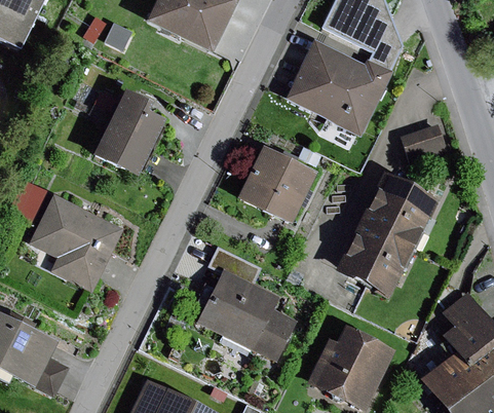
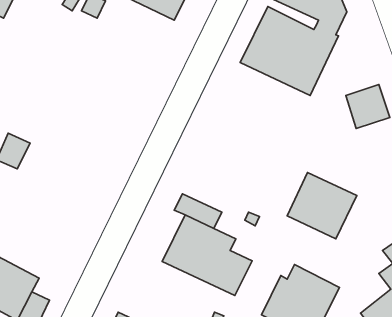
building: [92,89,164,176] -> none
building: [237,146,315,223] -> none
building: [358,173,438,248] -> none
building: [29,194,121,288] -> none

